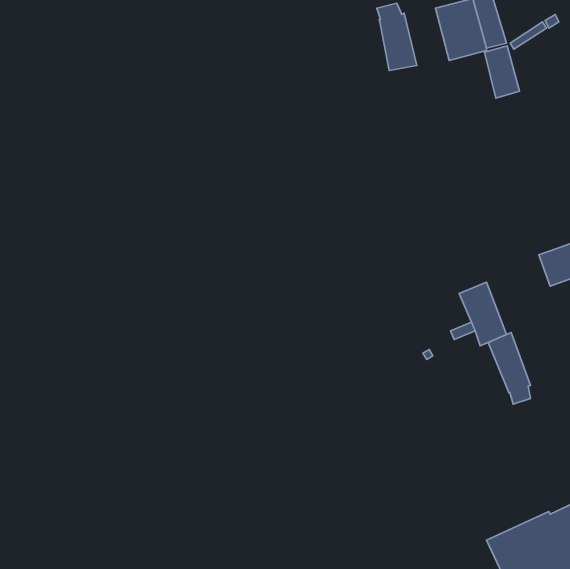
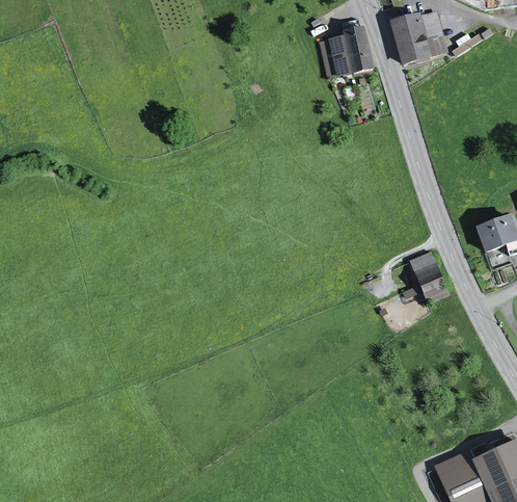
building: none -> [320,36,352,79]
building: [485,46,520,98] -> none
building: [488,333,531,404] -> none

